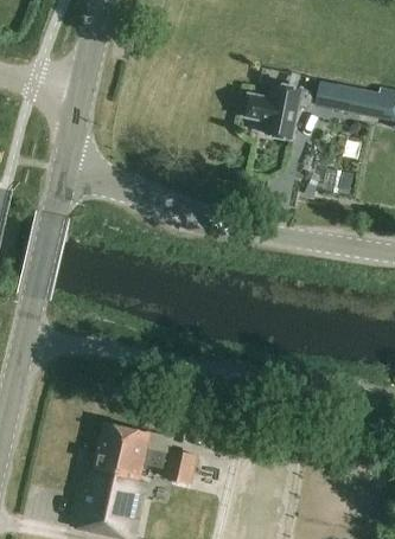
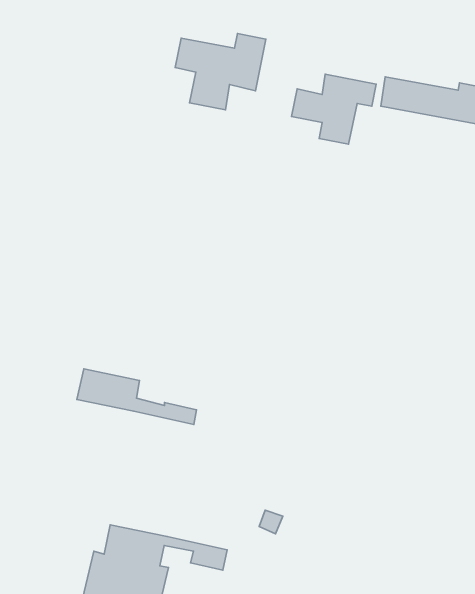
building: none -> [175,34,266,110]
building: [97,422,195,467] -> [77,369,197,424]

